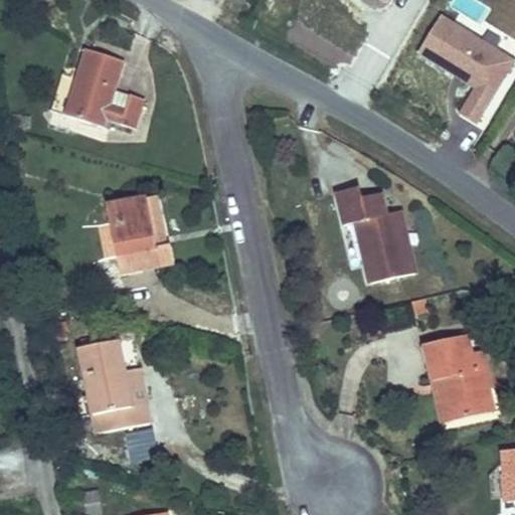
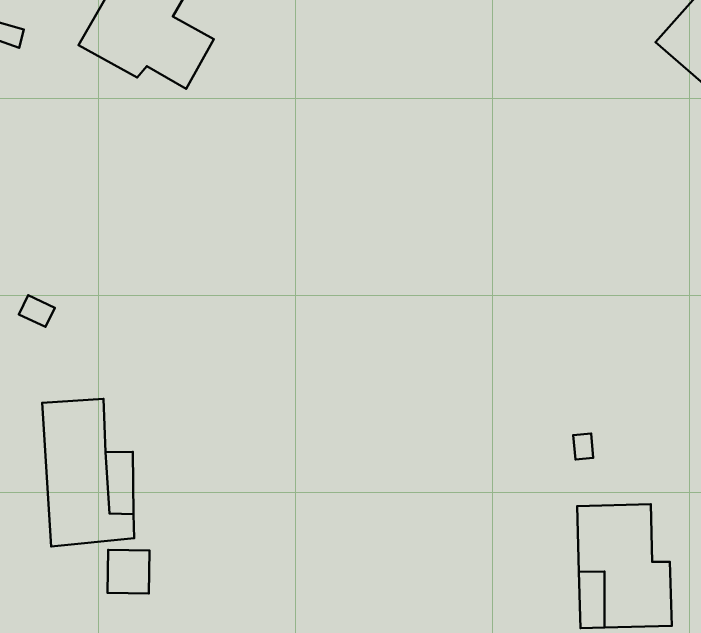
building: [336,185,419,290] -> none
building: [98,186,168,270] -> none

